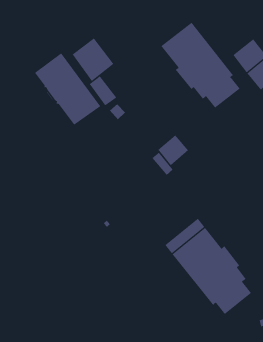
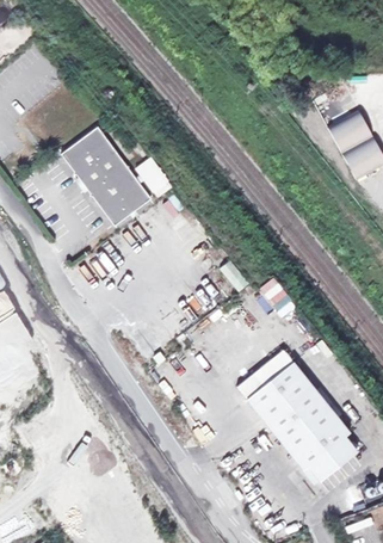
building: [160,22,240,108] -> none
building: [72,38,114,82] -> none
building: [157,134,189,166] -> none

